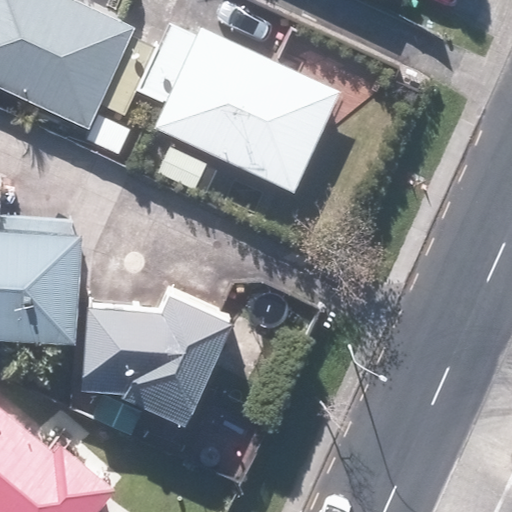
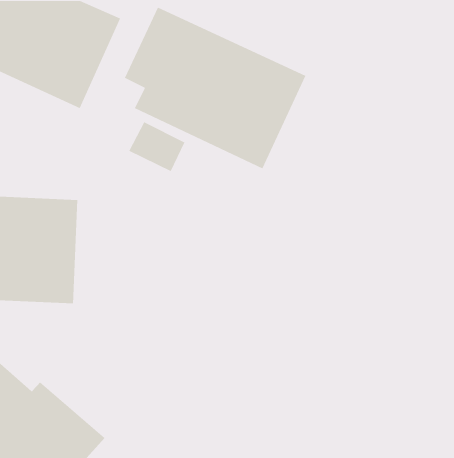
building: [78,293,307,425] -> none

